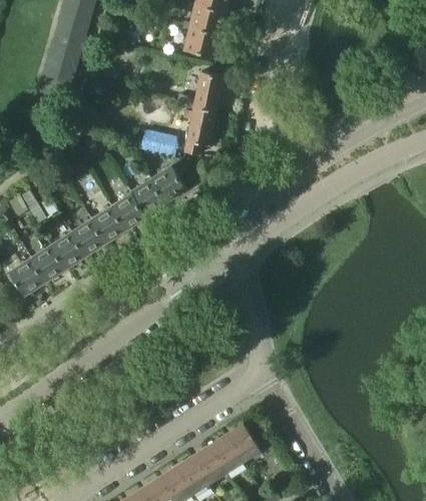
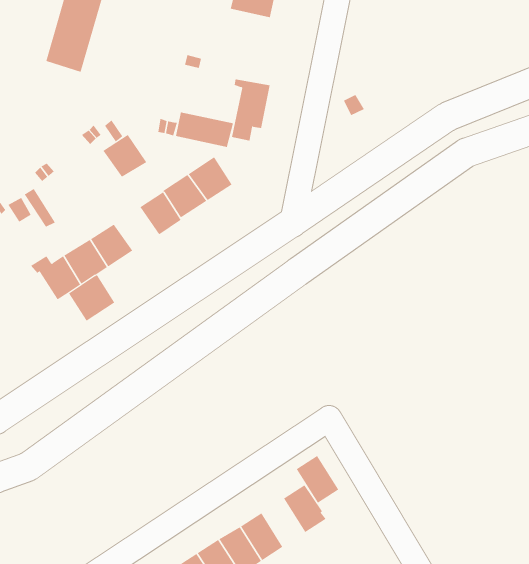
building: [187,71,223,109] -> none
building: [92,205,127,239] -> [103,134,147,177]
building: [10,257,47,294] -> [68,274,115,321]
building: [208,435,243,473] -> [296,455,339,503]

